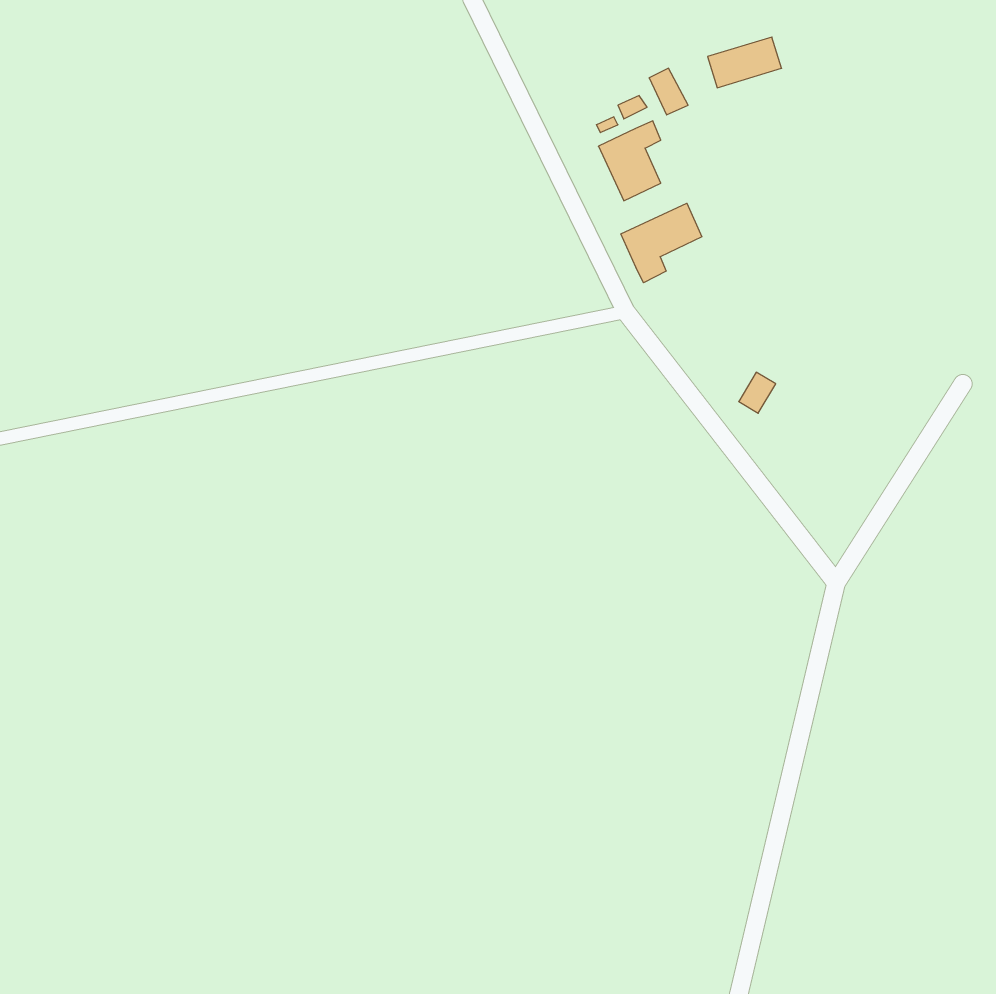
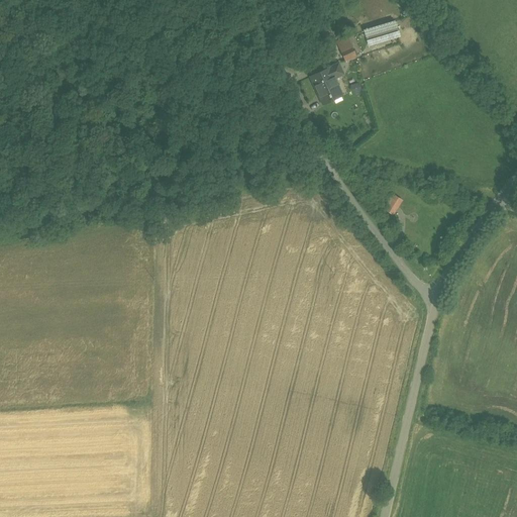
building: [621,203,702,283] -> none

